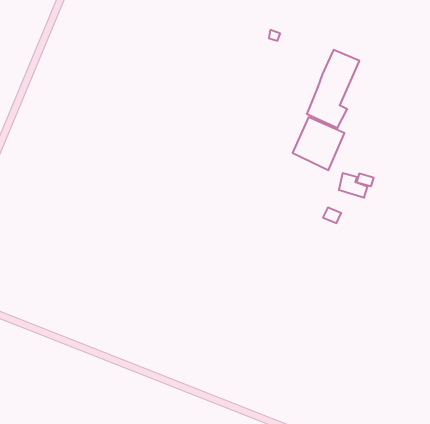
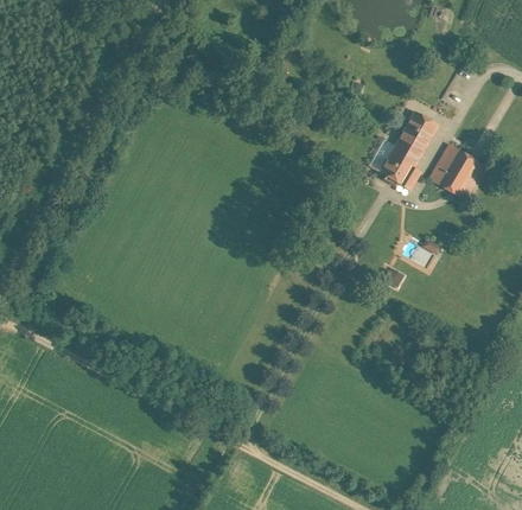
building: [293,117,344,170] -> [427,144,482,199]

